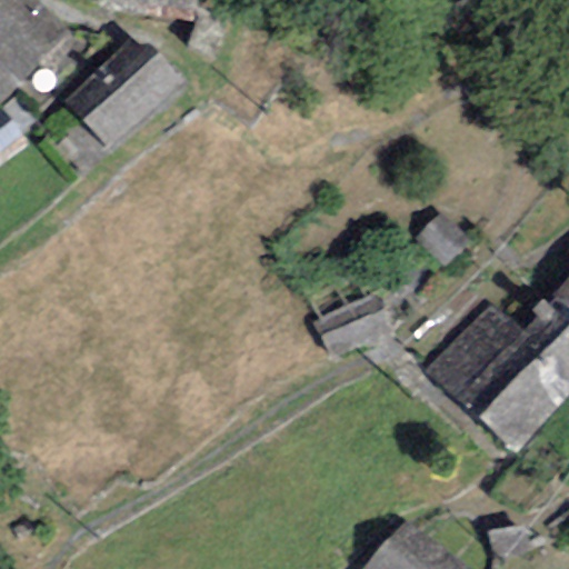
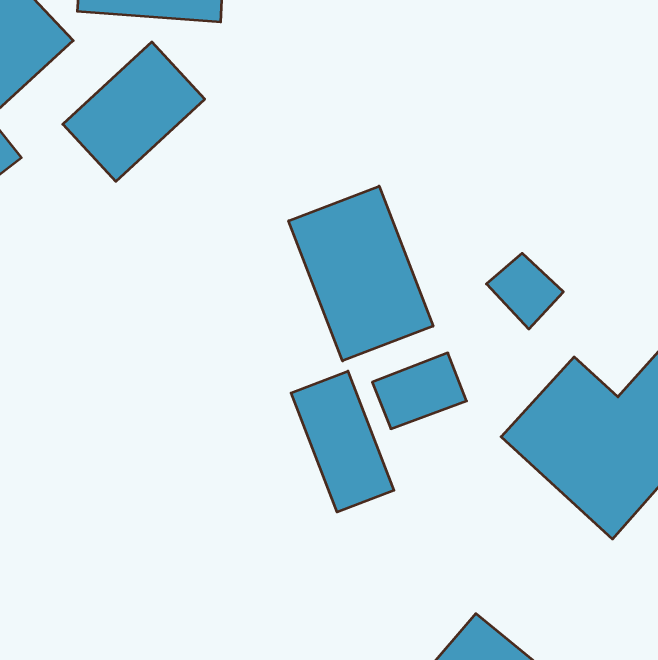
building: none -> [289,186,433,361]
building: none -> [291,371,394,512]

